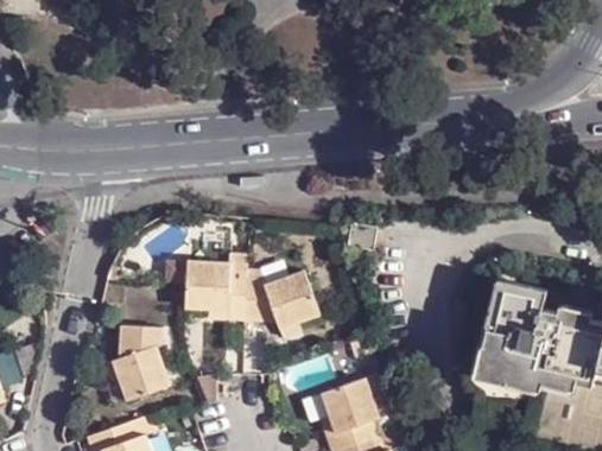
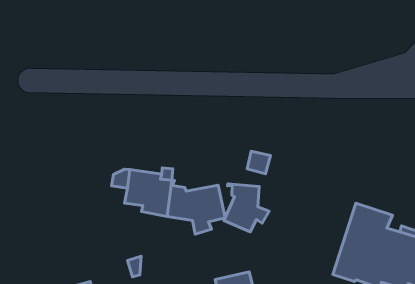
building: none -> [224,184,269,232]
building: [107,323,167,402] -> none

